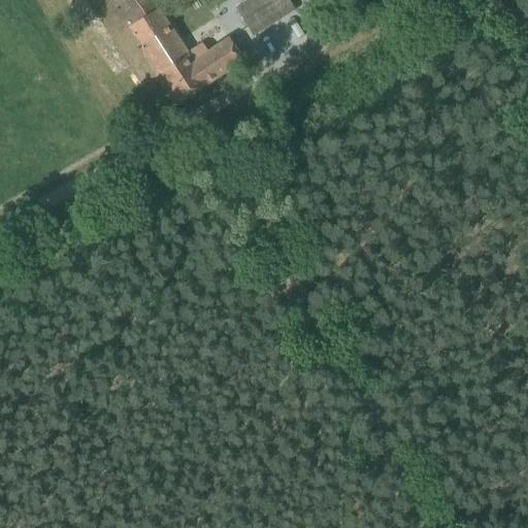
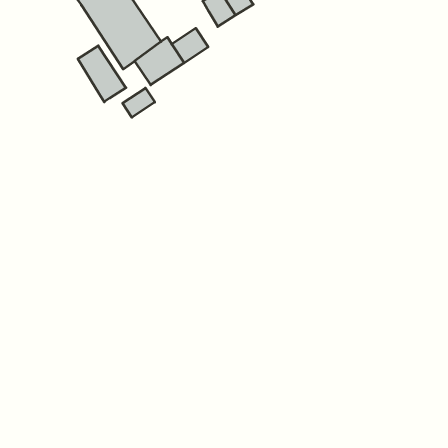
building: none -> [78,46,126,102]
building: none -> [123,88,155,117]

